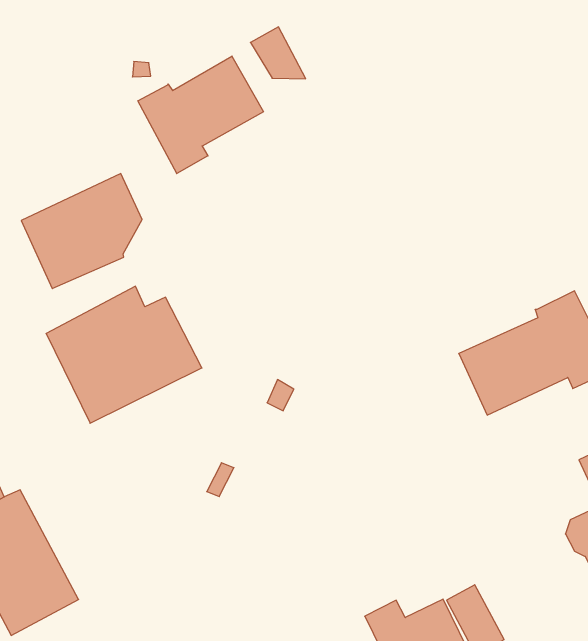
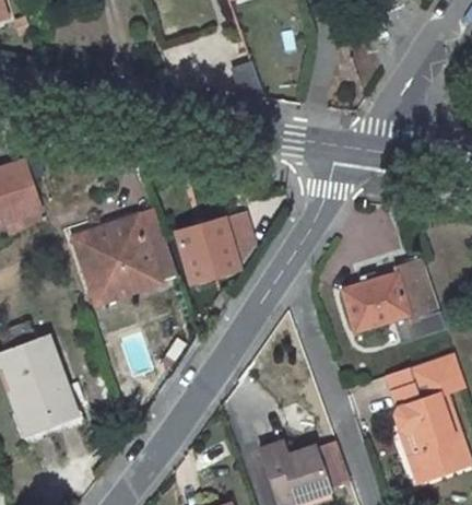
building: [138,56,263,174] -> none
building: [21,174,142,289] -> [176,212,255,281]

